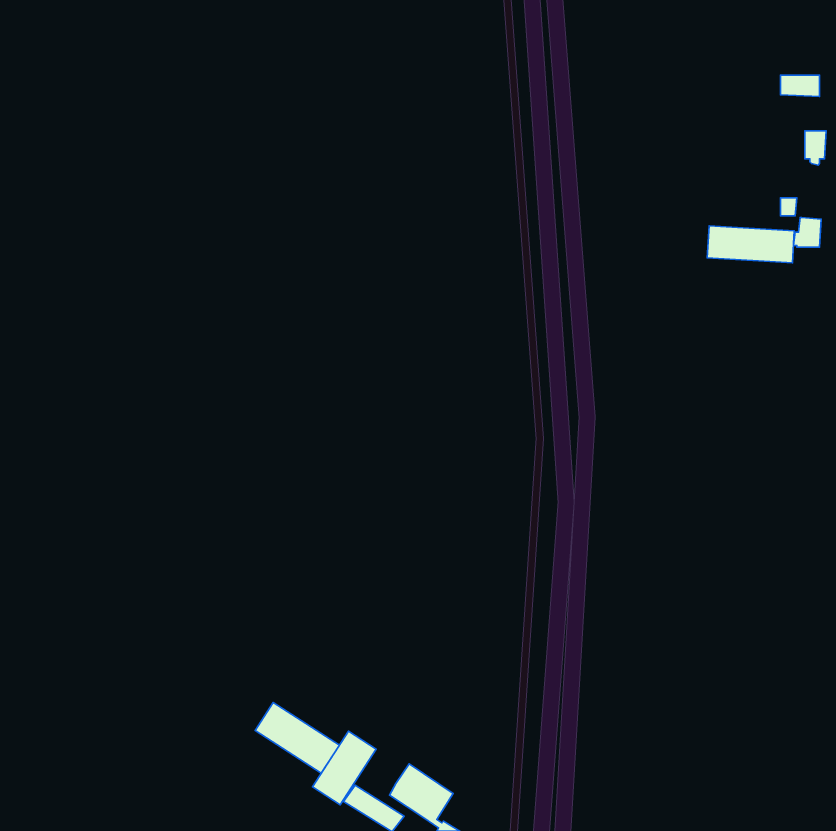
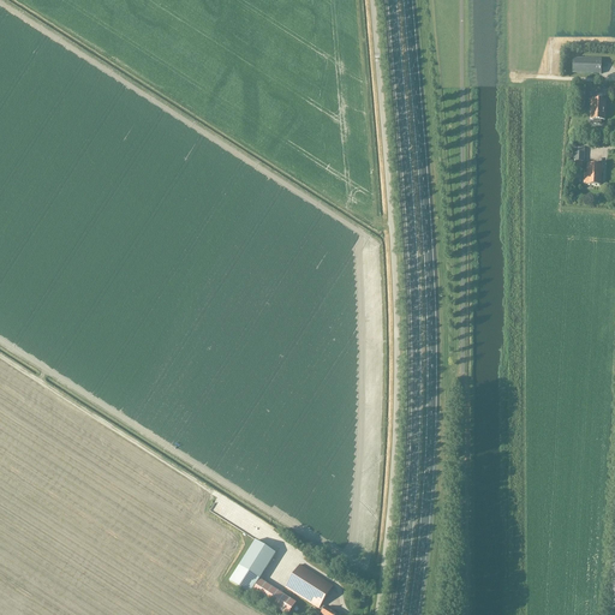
building: [707,226,794,263] -> none
building: [255,703,339,773] -> none

